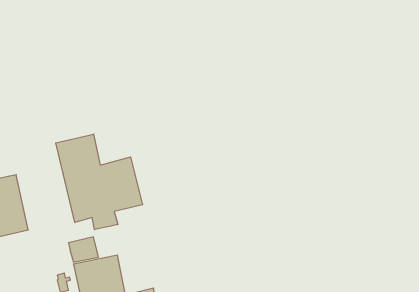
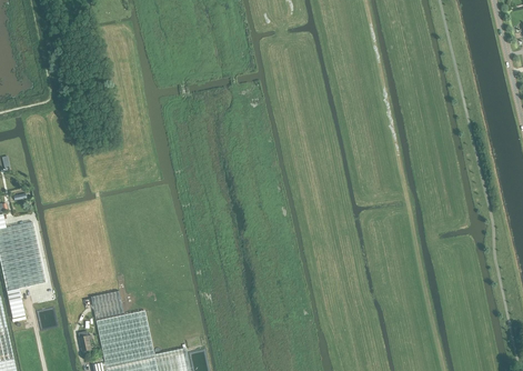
building: [56,134,143,230] -> none

